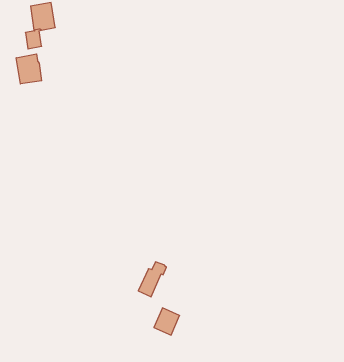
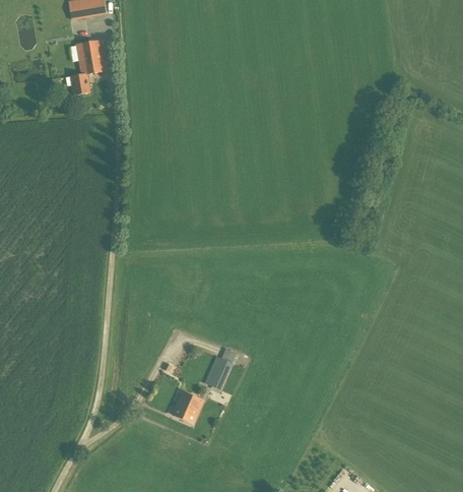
building: [16,54,42,84] -> none
building: [154,308,180,335] -> [172,390,202,423]

